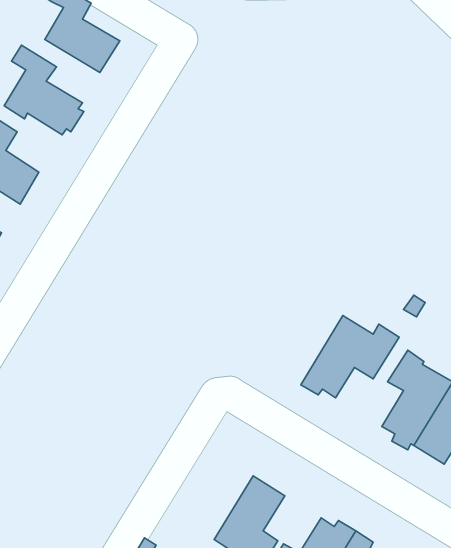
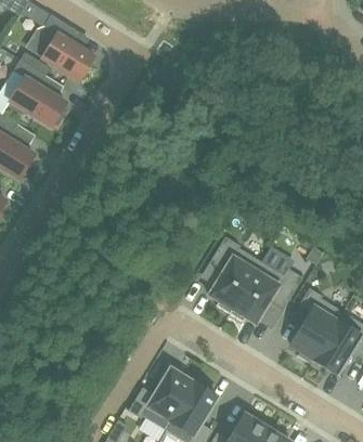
building: none -> [208,237,260,314]
building: none -> [128,368,194,430]

